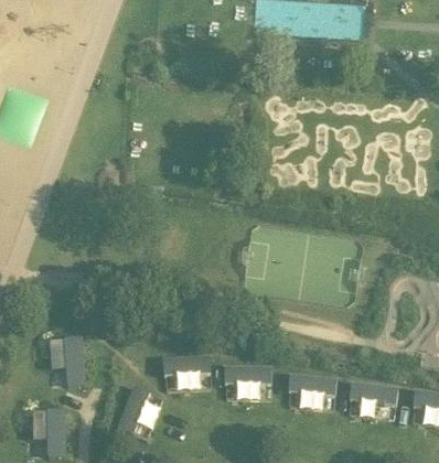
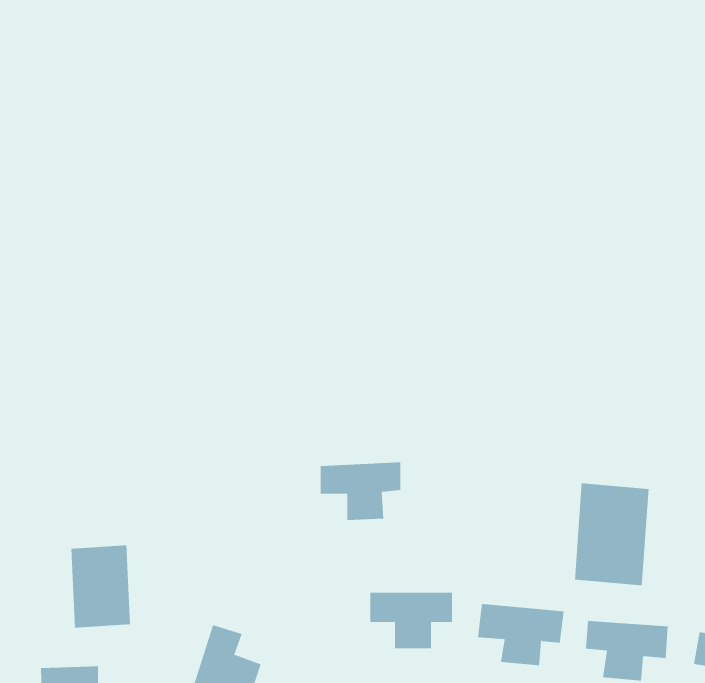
building: none -> [575,483,649,586]
building: [163,355,211,389] -> [320,462,401,521]

